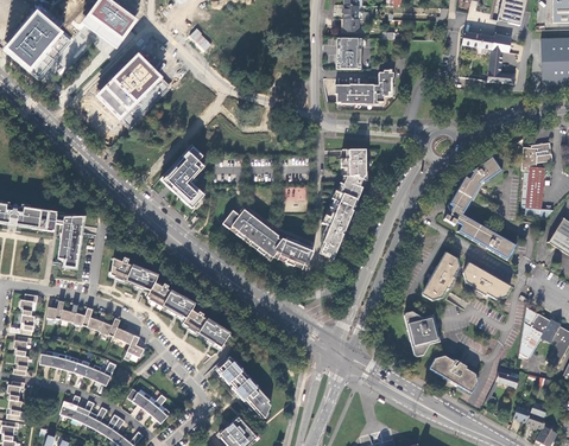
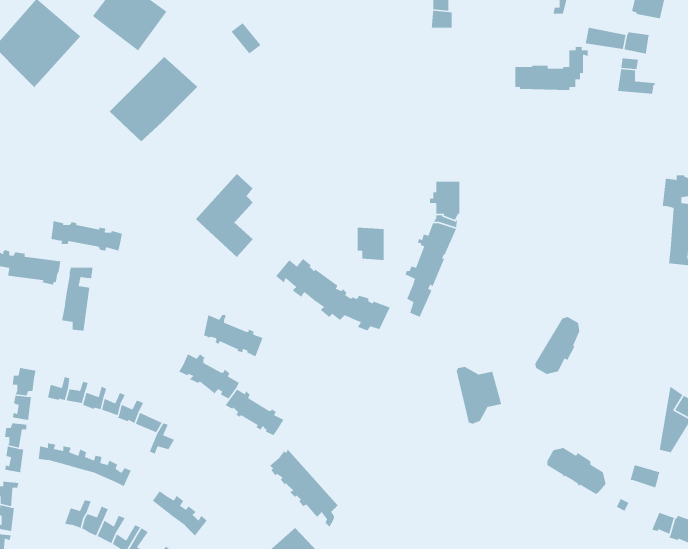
building: [336,37,366,69] -> none
building: [336,69,393,103] -> [515,46,589,91]
building: [443,155,516,257] -> none
building: none -> [51,220,123,251]
building: [110,257,157,291] -> [203,314,263,357]
building: [463,263,510,299] -> none
building: [404,311,440,356] -> [456,366,502,425]

